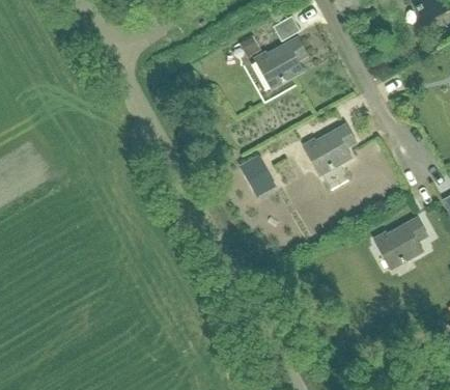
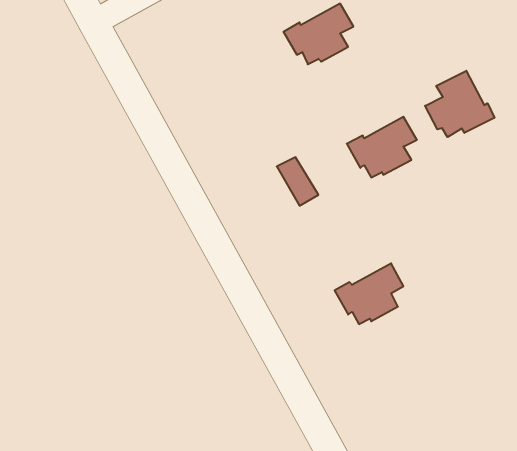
building: none -> [425,71,494,137]
building: [372,218,425,264] -> [335,263,403,324]

